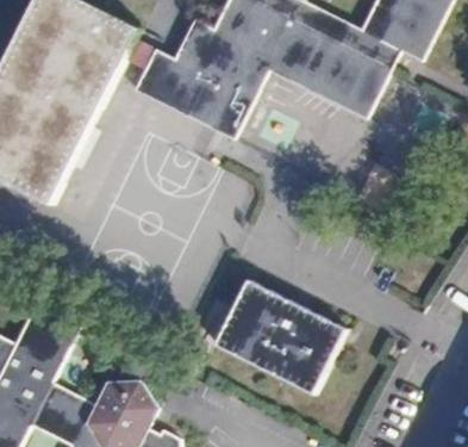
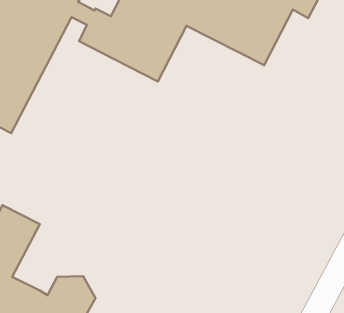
building: [214,279,345,395] -> none

